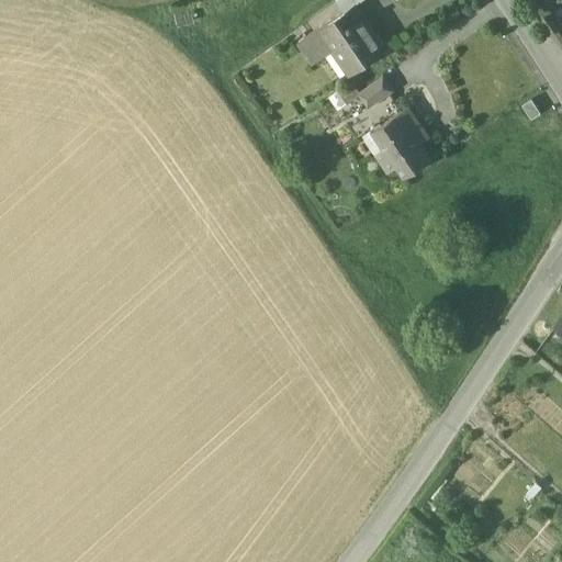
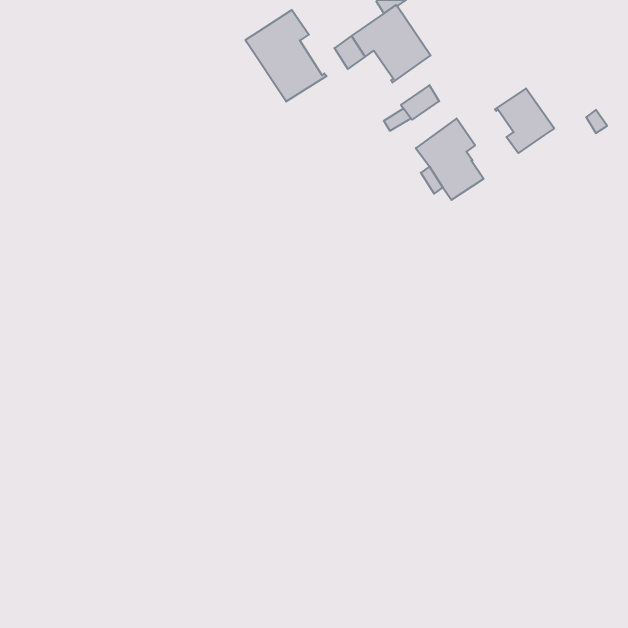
building: none -> [246,10,327,102]
building: none -> [495,88,554,153]

